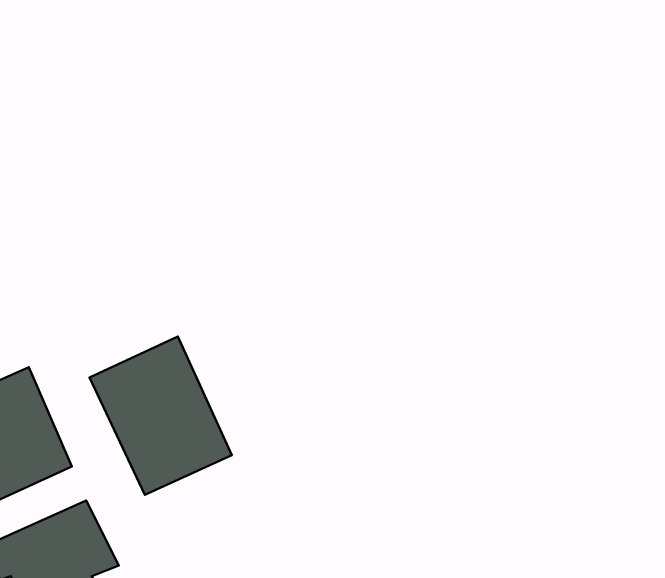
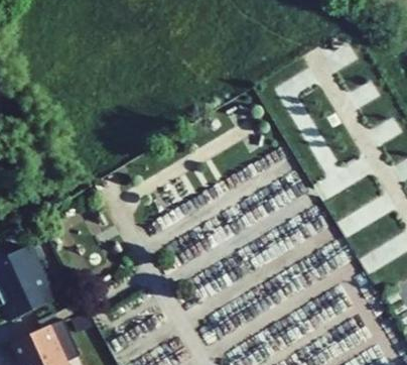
building: [90,336,232,495] -> none

